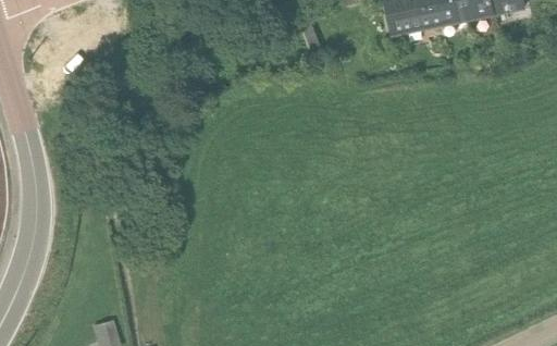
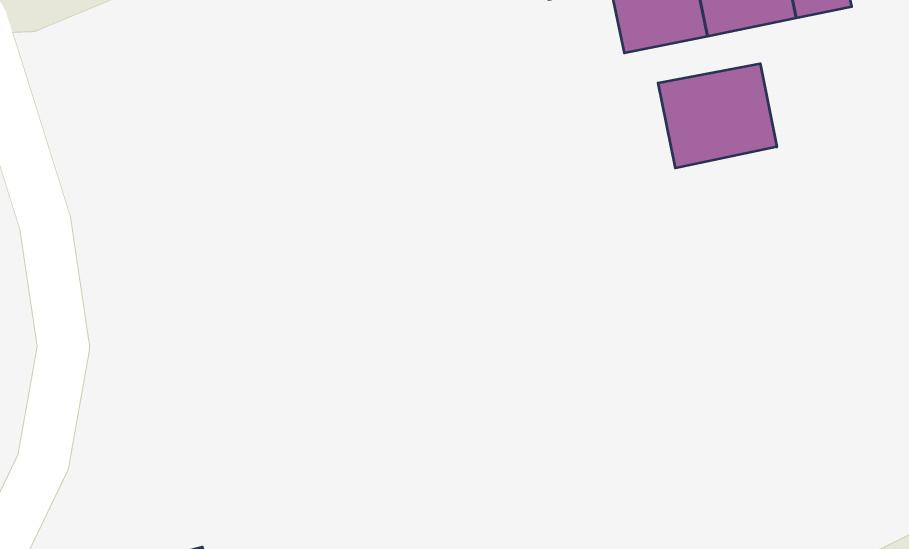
building: none -> [658,64,777,168]

